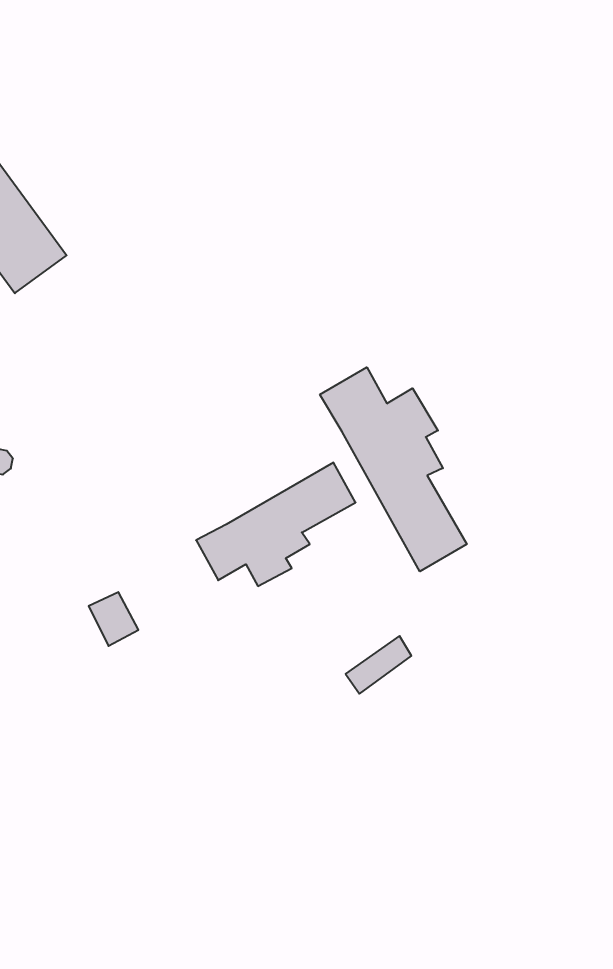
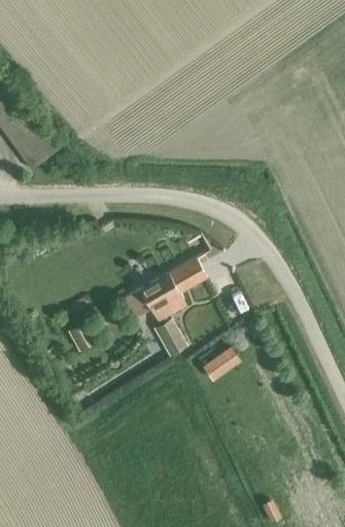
building: [320,367,467,571] -> none
building: none -> [154,319,187,357]

